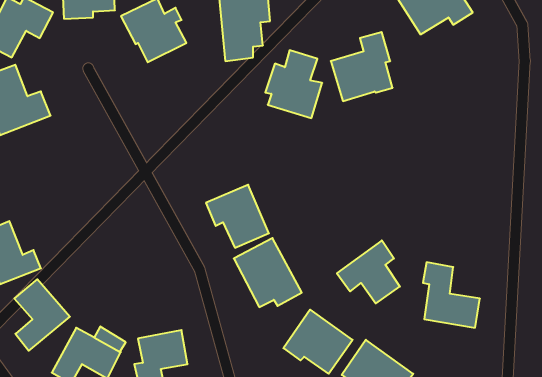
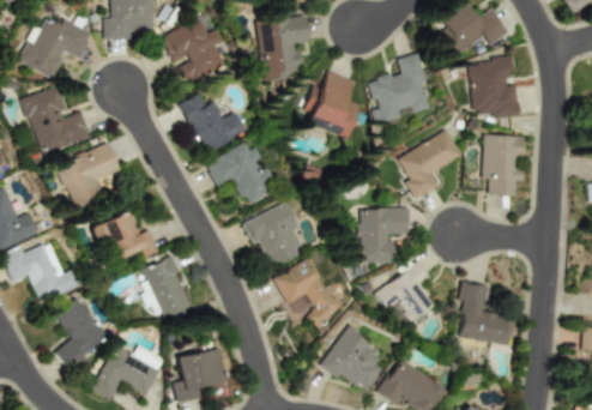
building: none -> [470,58,520,119]
building: none -> [181,92,247,152]
building: none -> [398,131,463,199]
building: none -> [483,134,526,197]
building: none -> [206,141,279,203]
building: none -> [55,143,120,209]
building: none -> [355,207,409,263]
building: none -> [96,211,158,263]
building: none -> [144,257,193,318]

